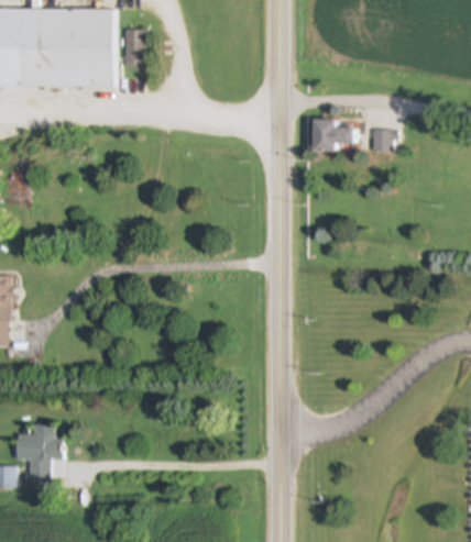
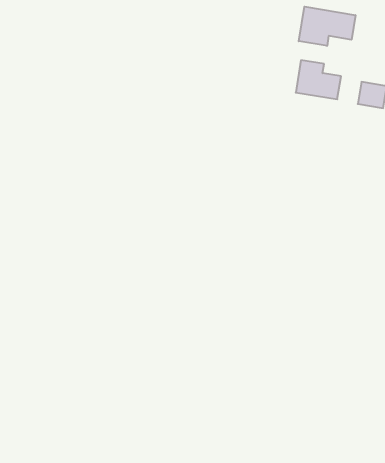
building: none -> [299,7,355,46]

